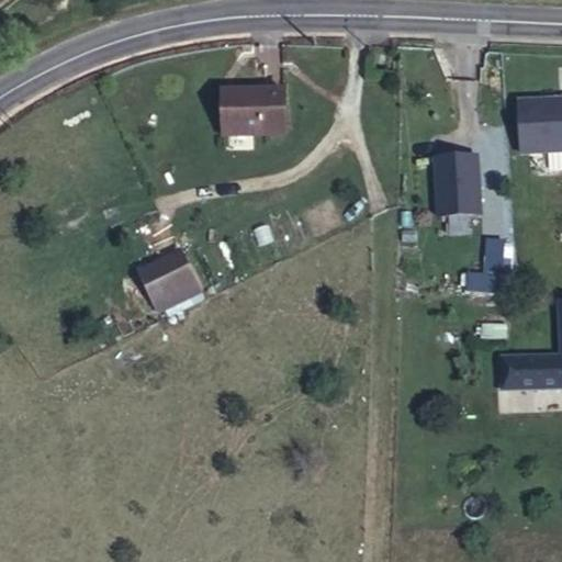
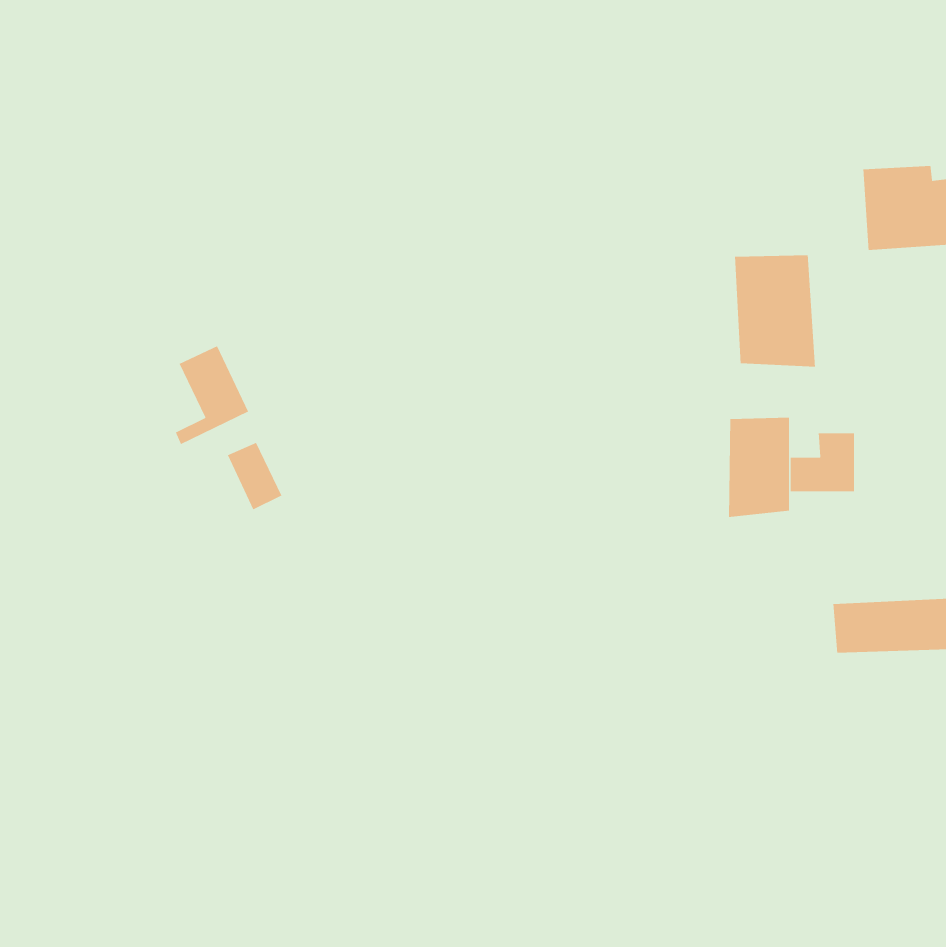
building: [224,86,284,131] -> none
building: none -> [728,417,790,518]
building: [151,251,195,311] -> [175,345,249,445]

